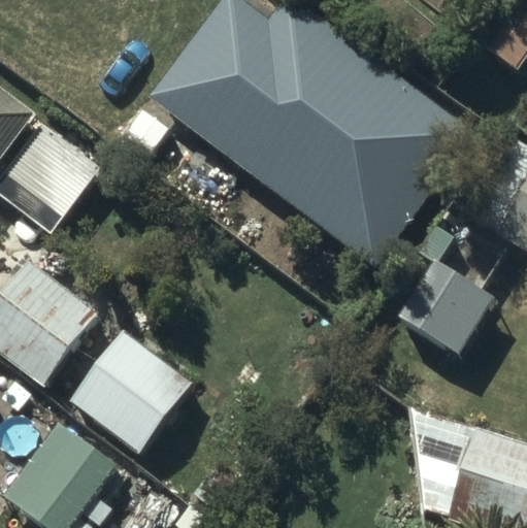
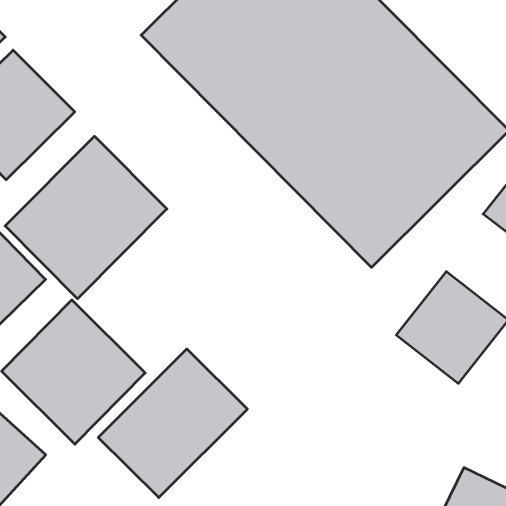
building: none -> [5,136,167,299]
building: none -> [98,349,247,498]

